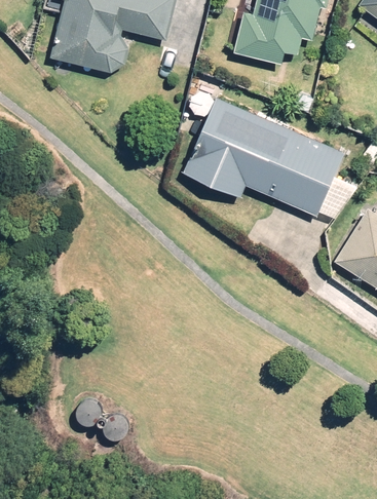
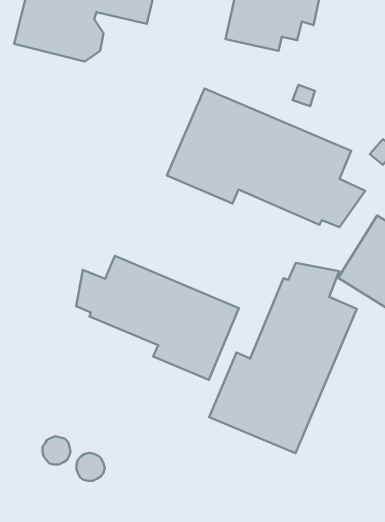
building: none -> [76,256,239,380]
building: none -> [209,263,357,453]

